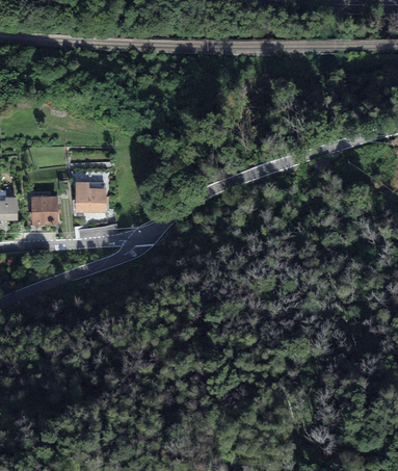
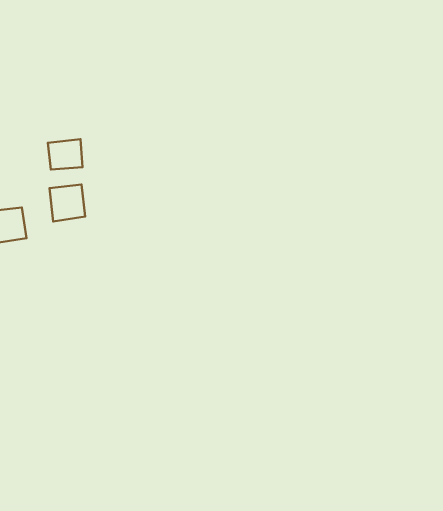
building: none -> [48,139,82,169]

